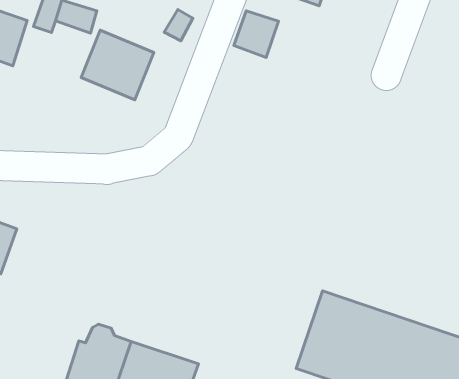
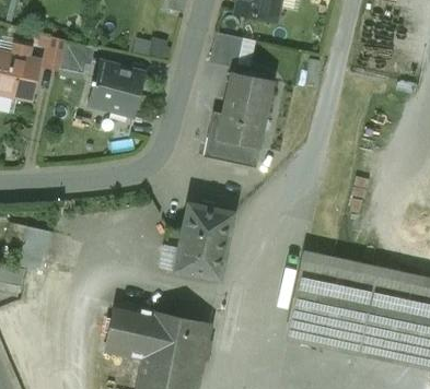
building: none -> [204,72,275,167]
building: none -> [160,205,234,280]

